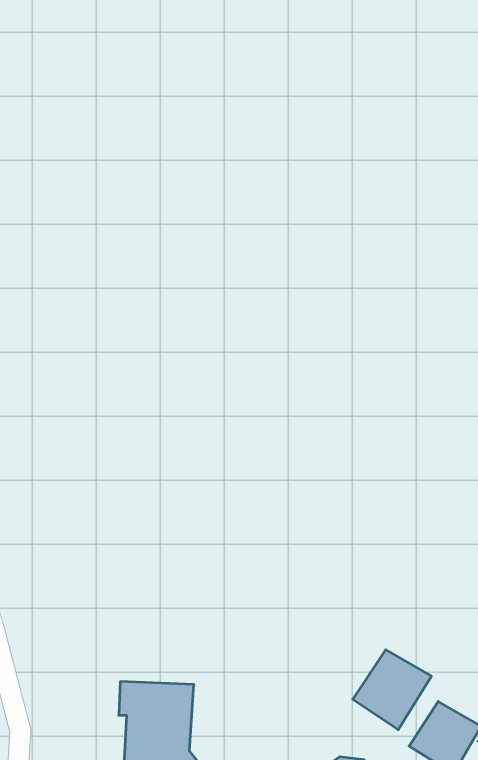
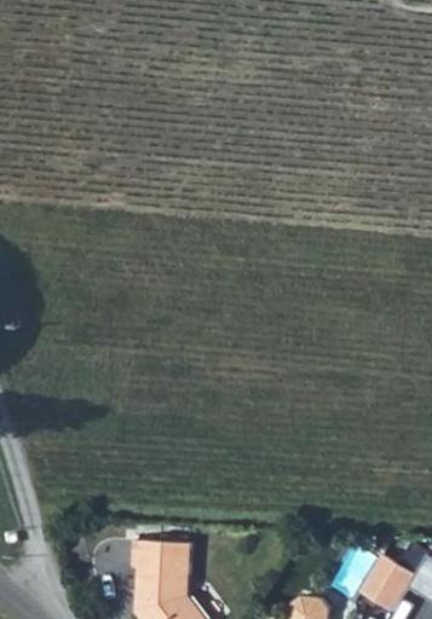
building: [353,650,431,730] -> none

